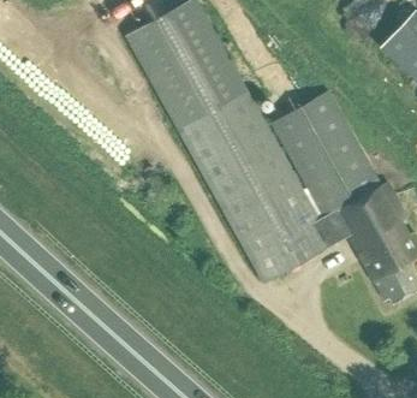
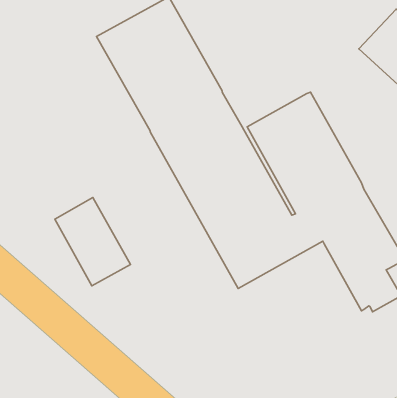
building: none -> [55,197,130,286]

